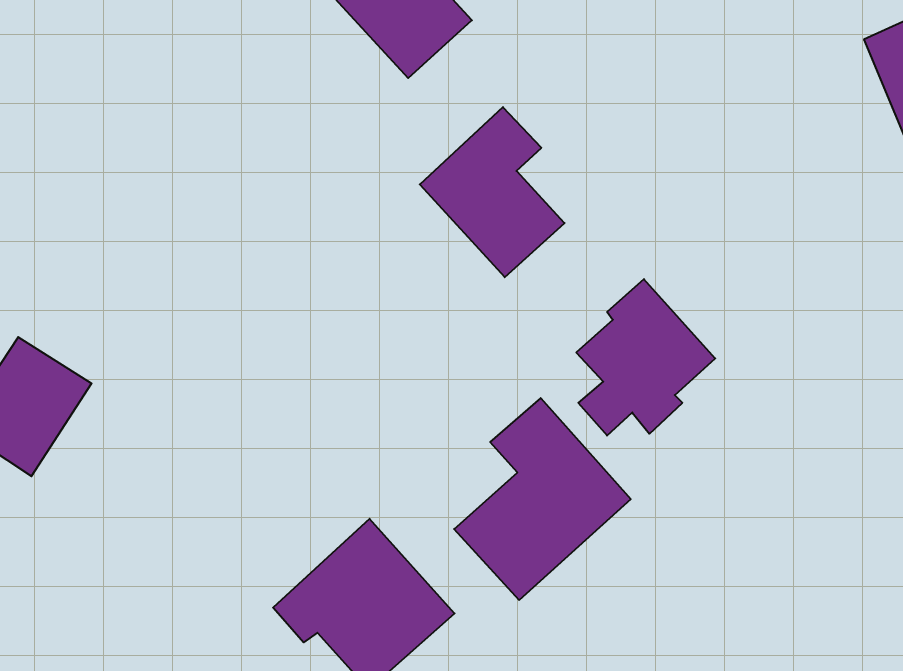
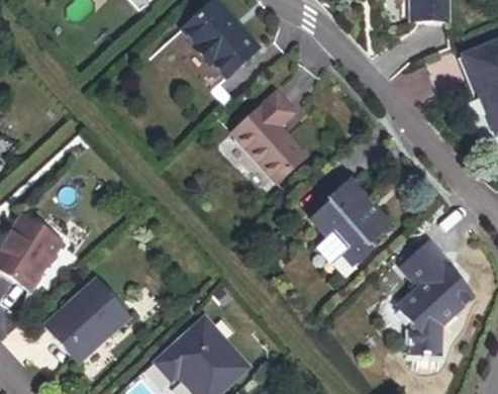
building: none -> [398,243,471,358]
building: [454,398,631,600] -> none
building: none -> [41,278,126,361]

